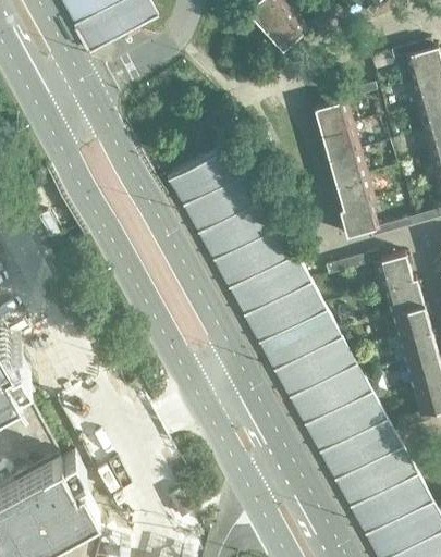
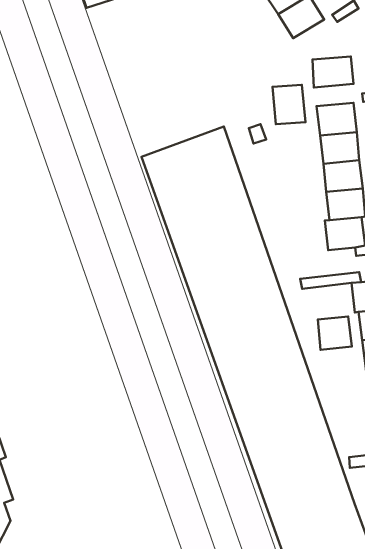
building: none -> [312,56,354,87]
building: none -> [272,85,305,124]
building: none -> [318,316,352,350]

